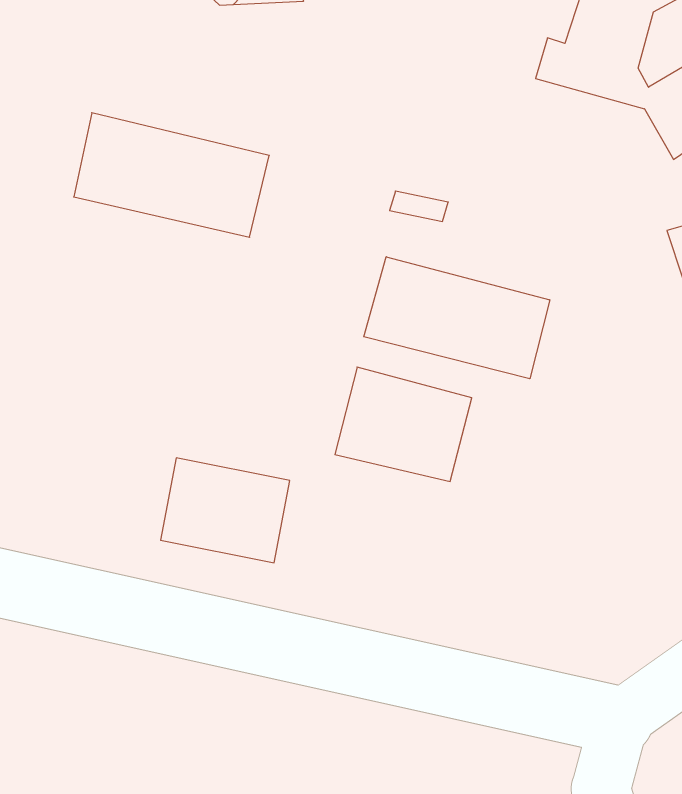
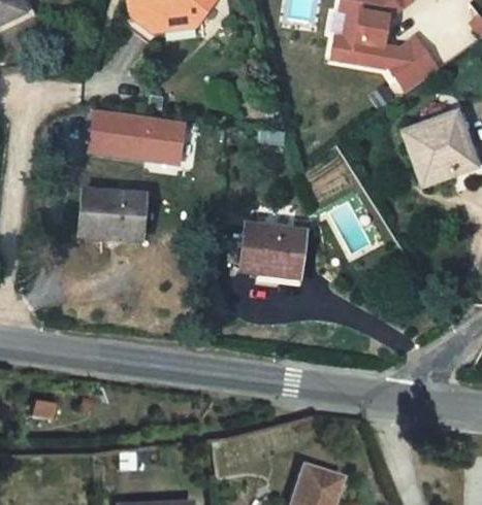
building: [364,257,550,379] -> none
building: [161,458,290,563] -> [83,188,147,237]

